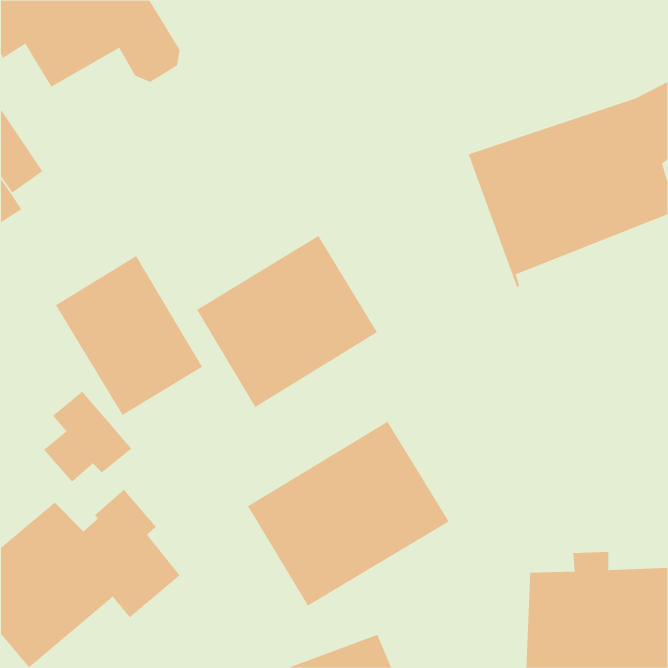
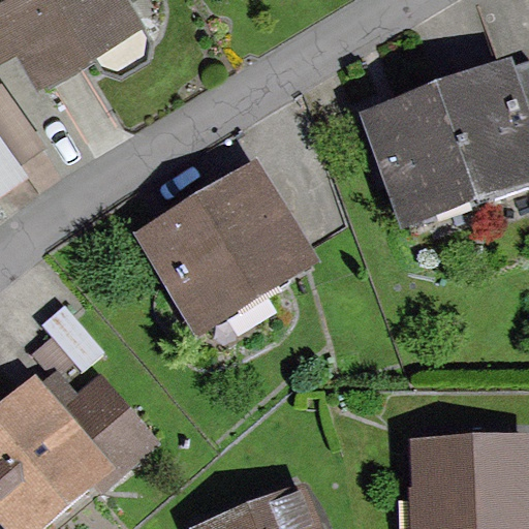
building: [55,255,203,416] -> none
building: [247,421,450,606] -> none

